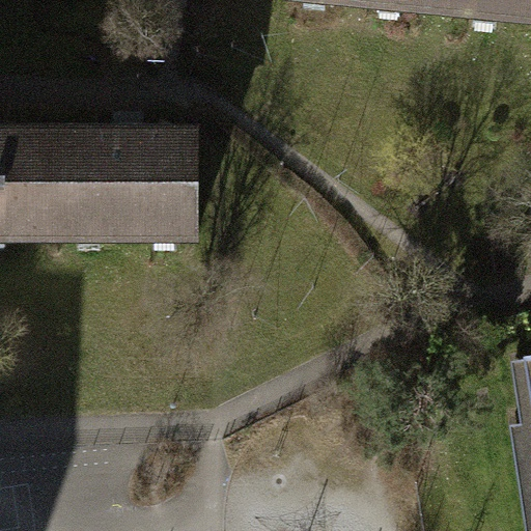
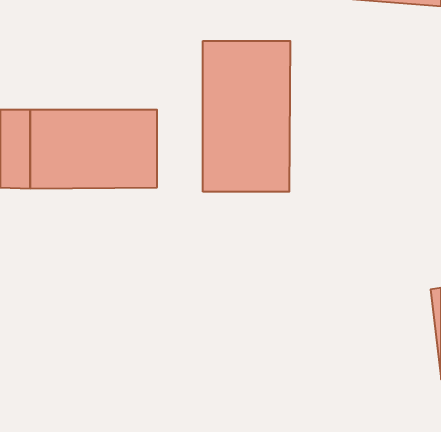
building: none -> [203,41,290,192]

